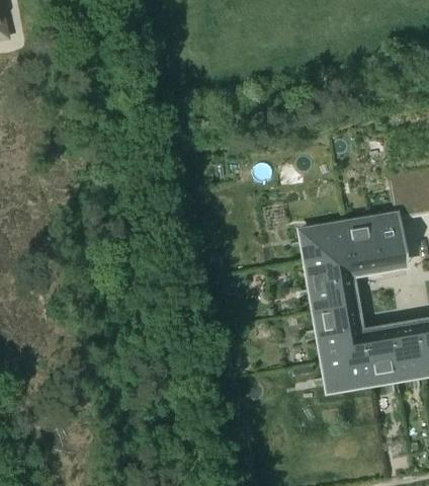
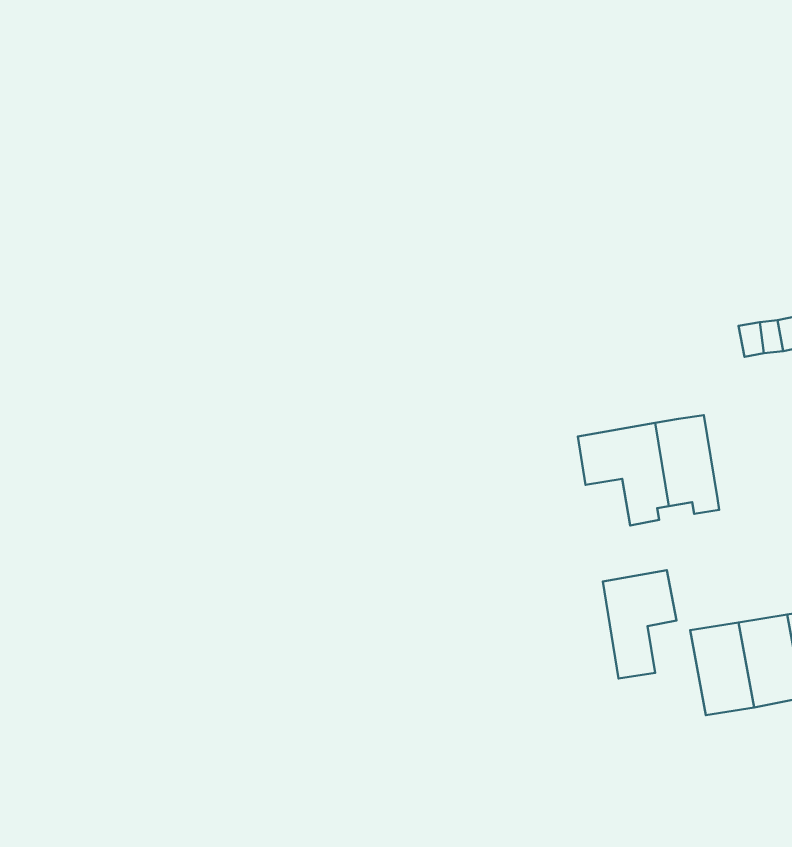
building: [369,220,403,268] -> none
building: [308,258,350,312] -> none
building: [325,332,370,389] -> none

